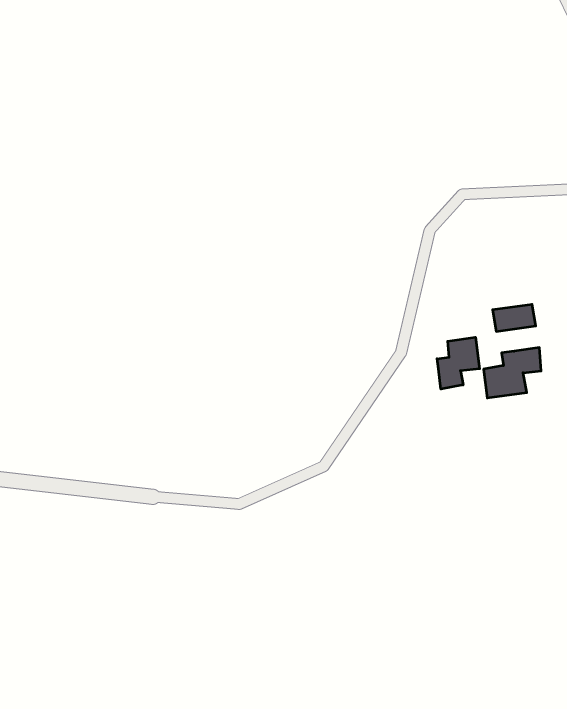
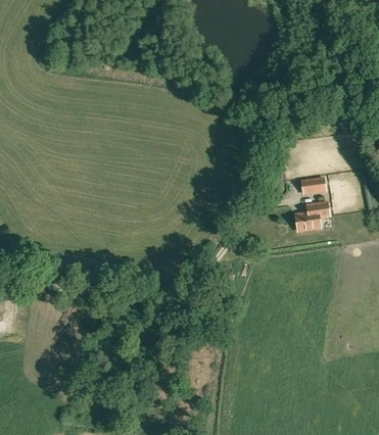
building: [437,337,480,389] -> none

